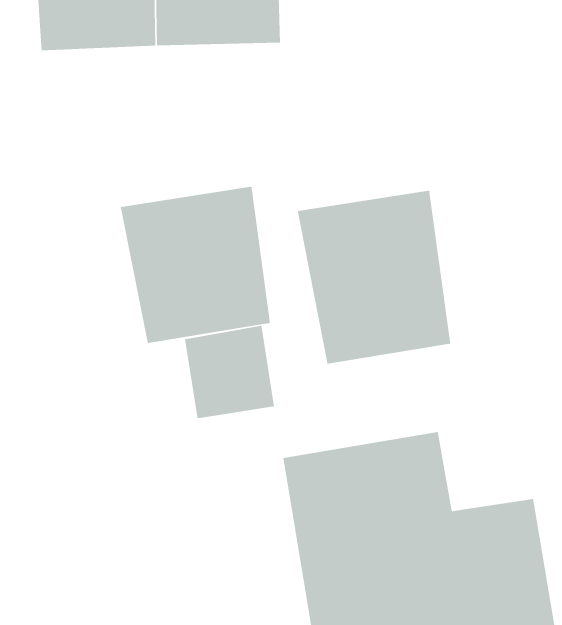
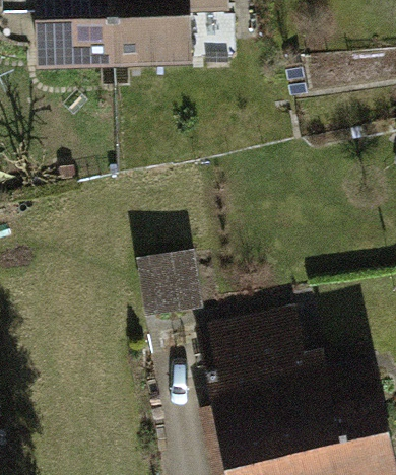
building: [120,186,271,344] -> none
building: [297,190,451,365] -> none

